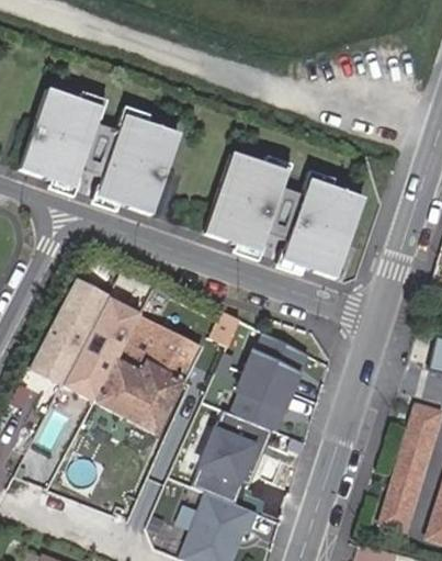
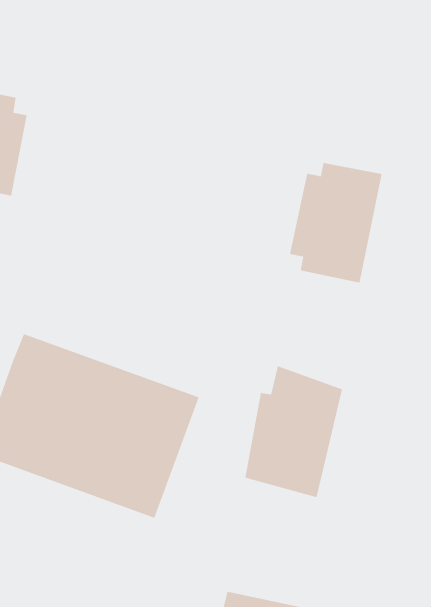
building: [98,117,177,212] -> none
building: [204,150,282,246] -> none
building: [193,411,271,501] -> none

